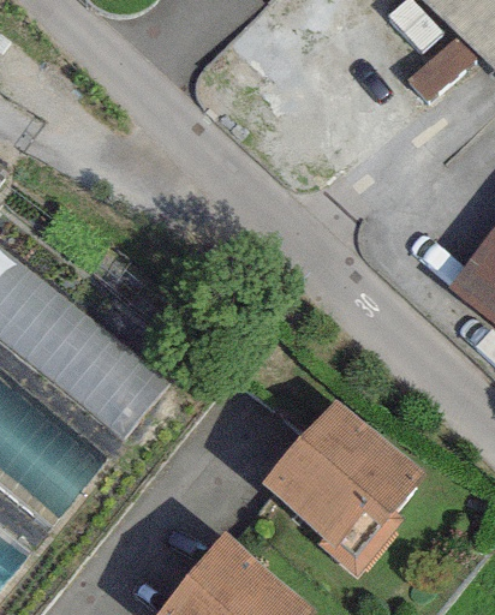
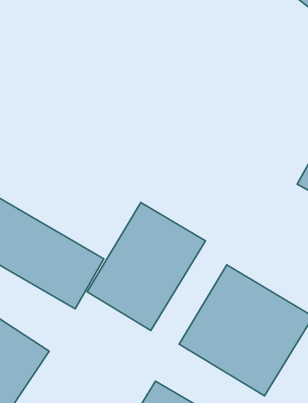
building: none -> [87,203,205,330]

